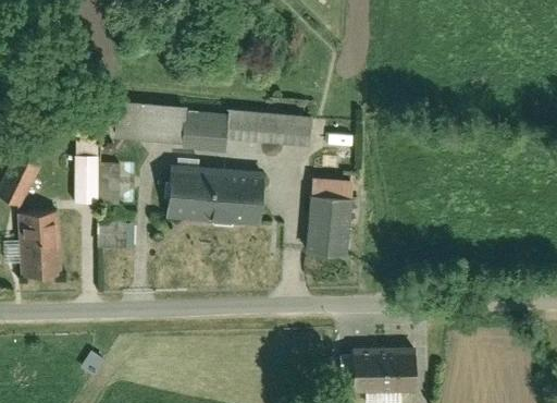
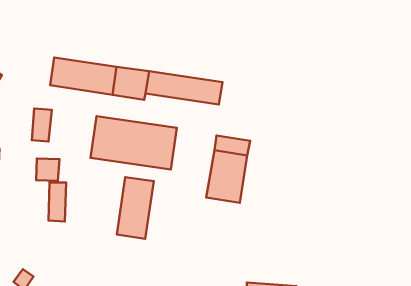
building: [74,156,98,202] -> none
building: none -> [117,177,154,239]
building: none -> [48,182,66,221]

